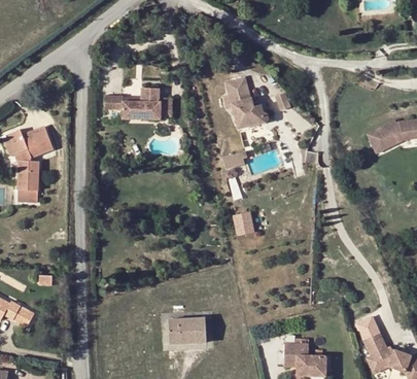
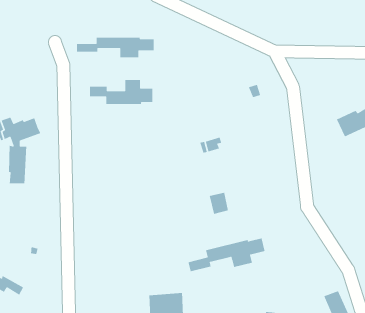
building: none -> [76,37,154,58]
building: [223,77,268,133] -> none
building: none -> [188,238,266,272]

